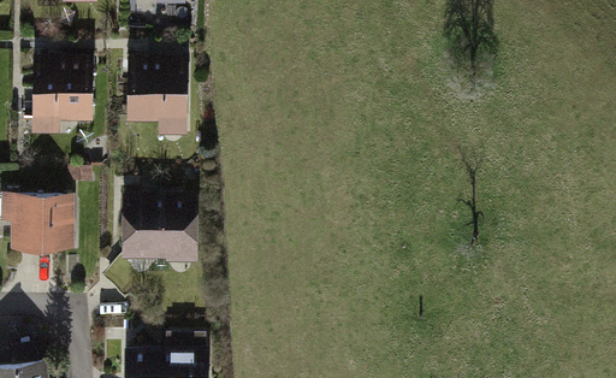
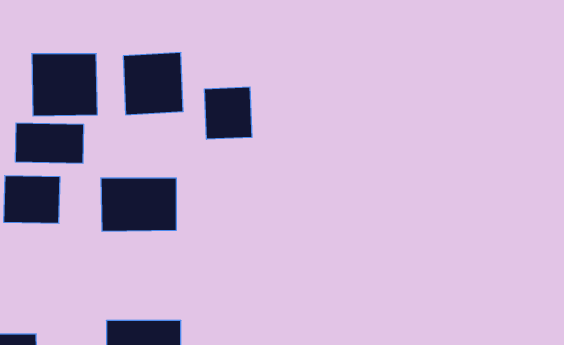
building: none -> [205,87,252,139]
building: none -> [16,123,84,163]

